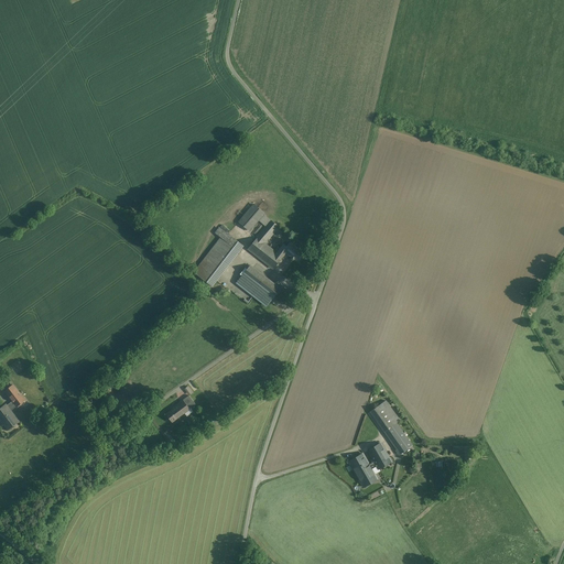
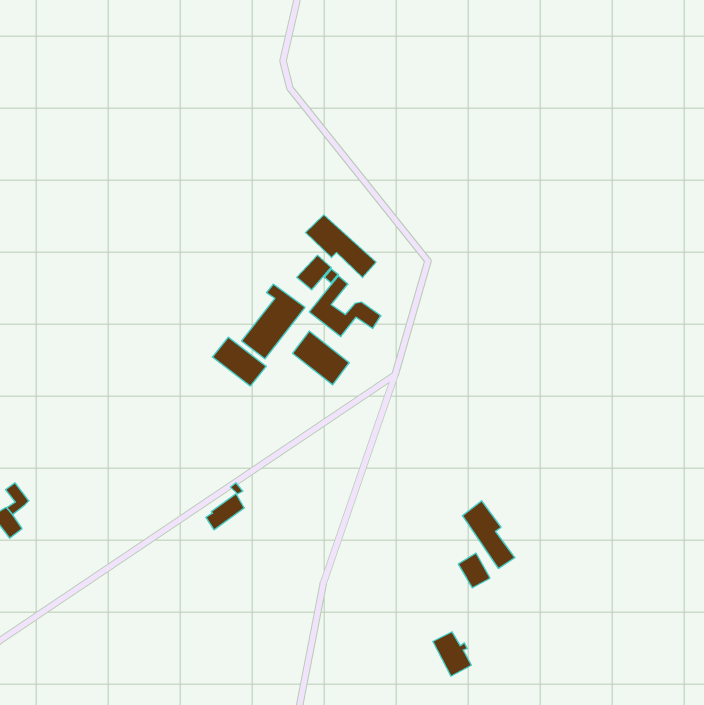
building: none -> [305,215,376,278]
building: none -> [212,337,266,386]
building: [347,453,378,488] -> [433,632,471,676]

